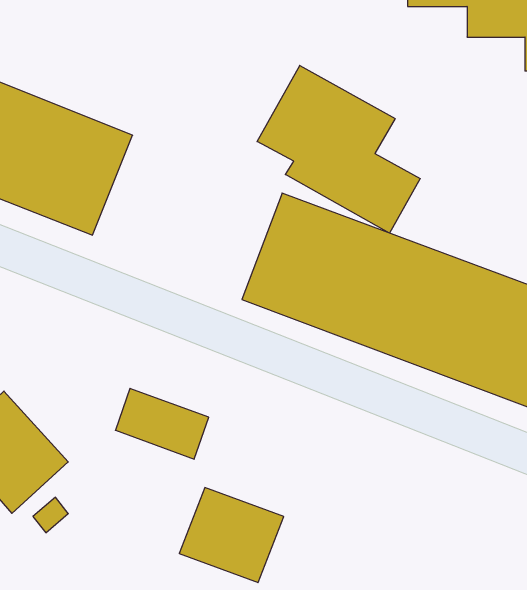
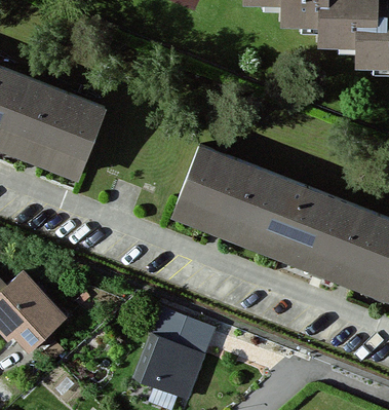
building: [257,65,420,233] -> none
building: [115,388,209,459] -> [152,308,211,353]

